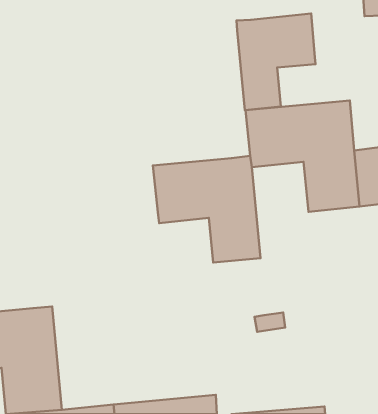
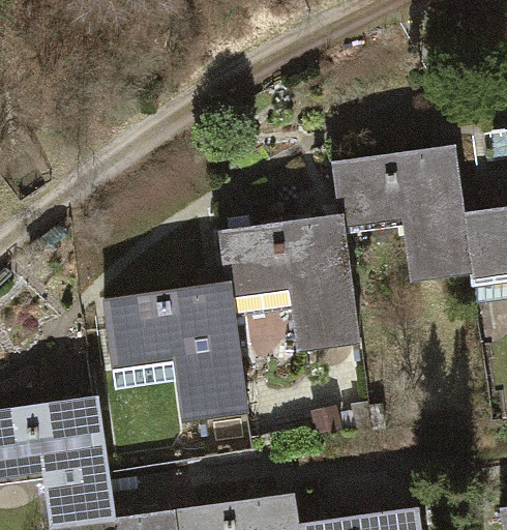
building: [237,14,315,110] -> none
building: none -> [103,290,242,415]

